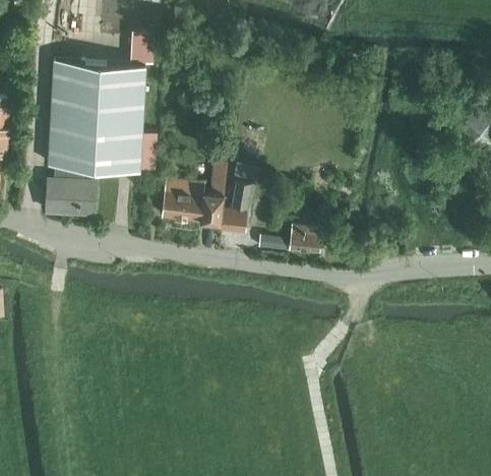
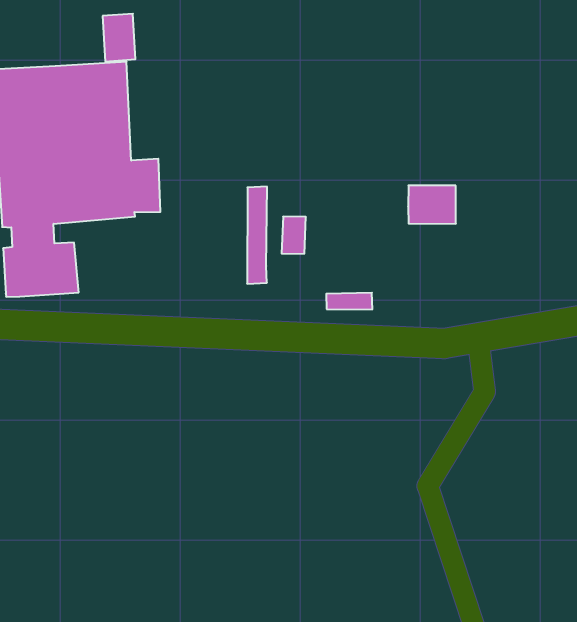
building: [162,180,203,222] -> none
building: [221,209,247,232] -> none
building: [288,225,322,254] -> [408,185,456,224]

